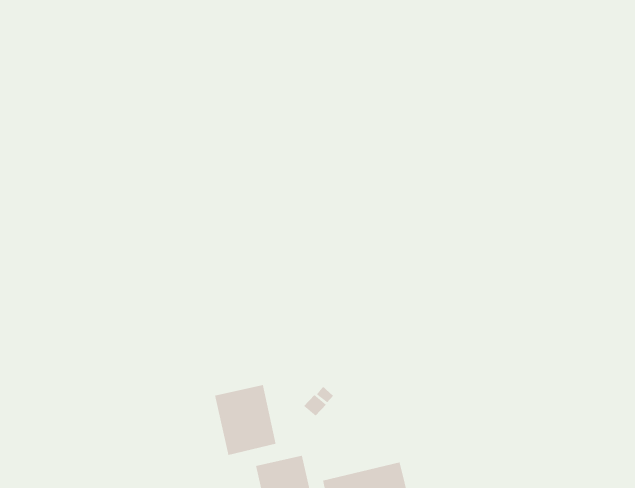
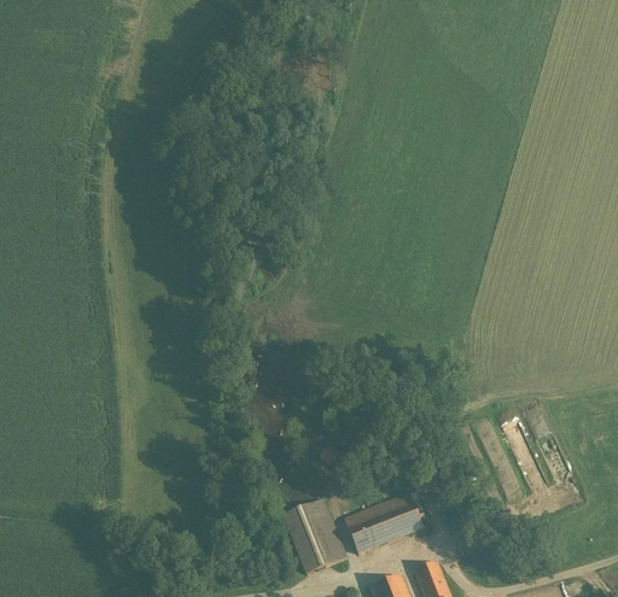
building: [214,384,277,456] -> none

